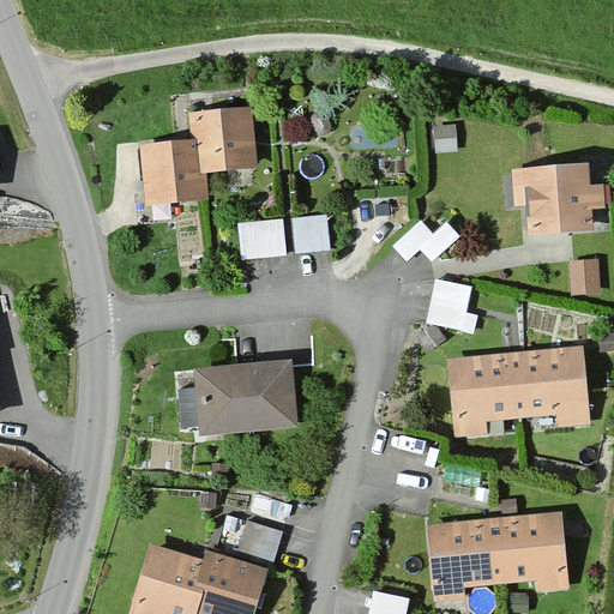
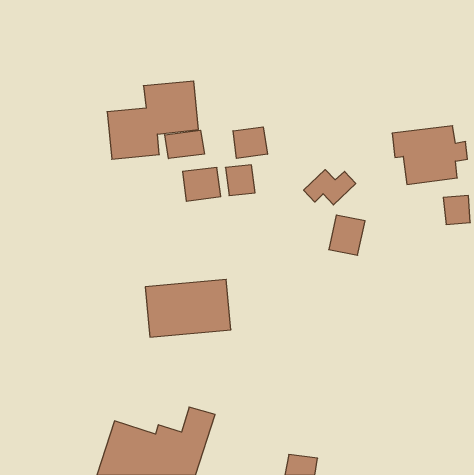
building: none -> [233,127,267,158]
building: none -> [165,130,204,159]
building: [447,345,592,438] -> none
building: [425,512,568,598] -> none

